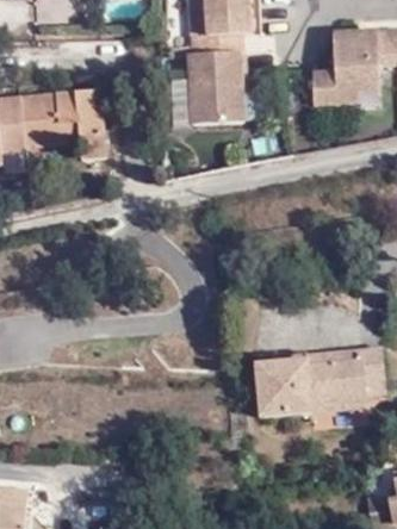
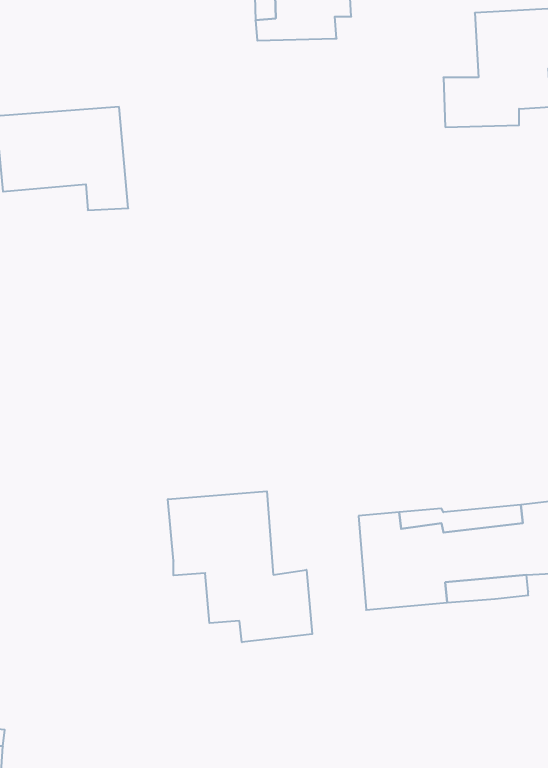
building: [191,48,243,119] -> none
building: none -> [168,491,312,642]

